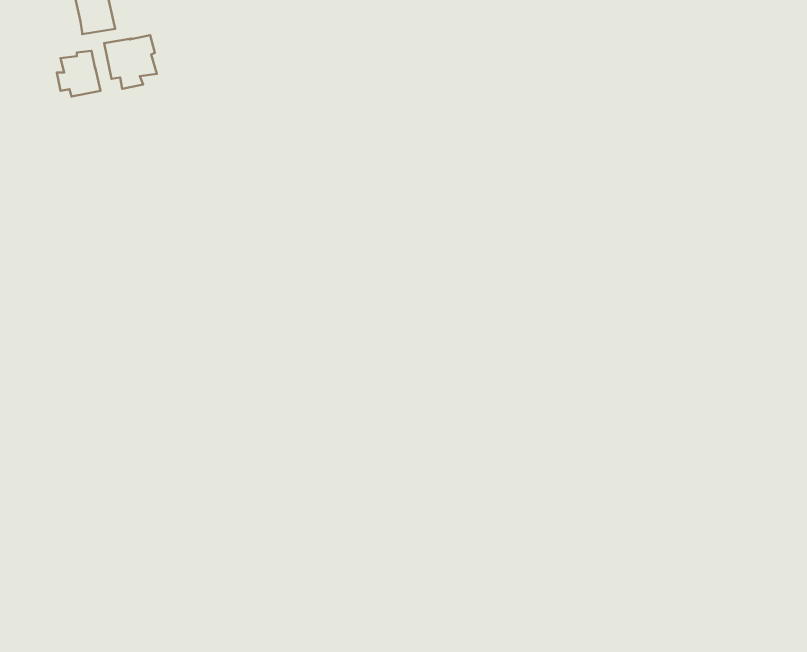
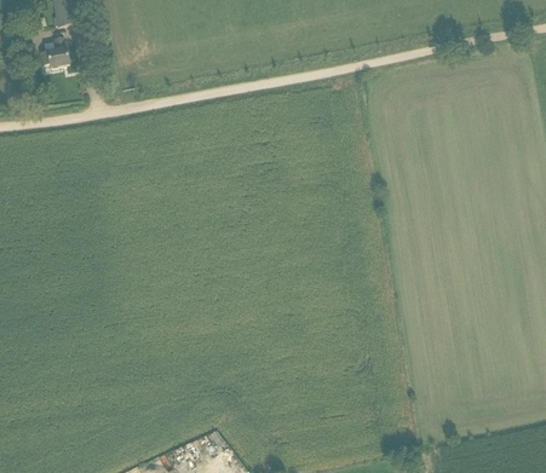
building: [104,35,157,89] -> none

